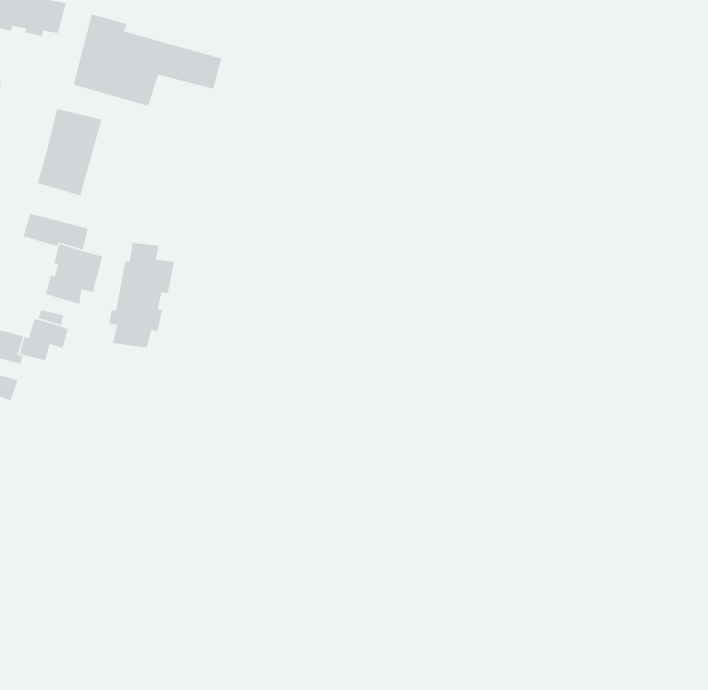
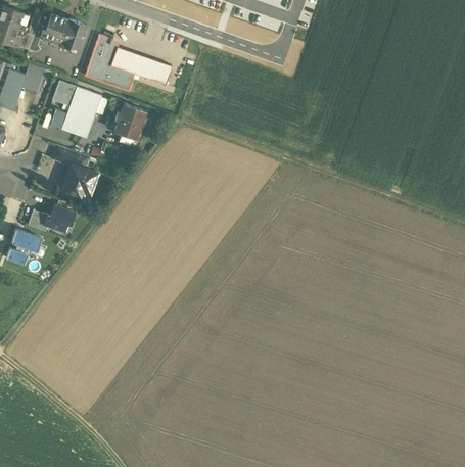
building: none -> [52,80,76,106]
building: none -> [113,103,145,139]
building: [108,242,175,349] -> none

